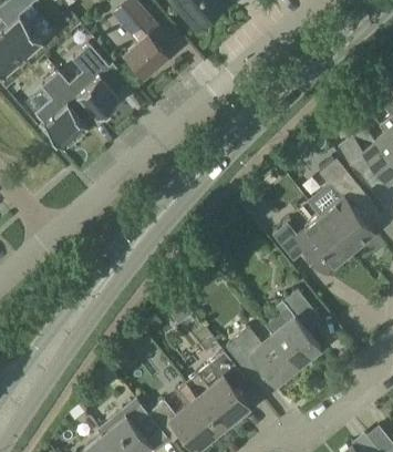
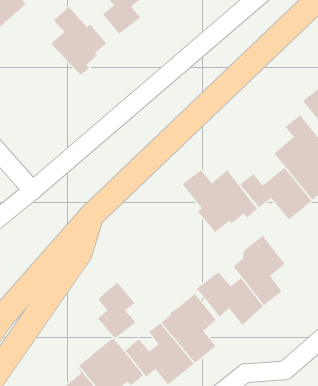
building: [37,71,100,146] -> none
building: none -> [182,169,258,233]
building: none -> [97,282,137,339]

